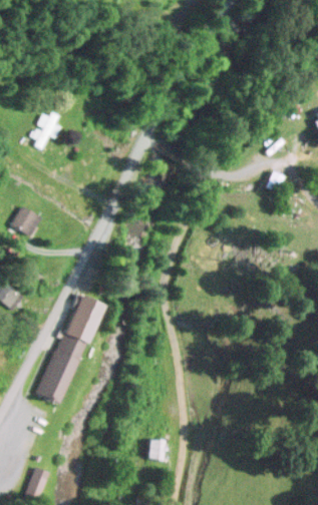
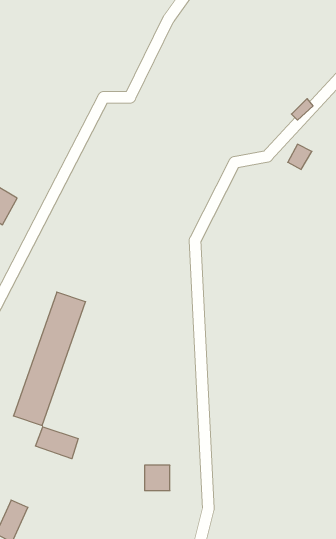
building: [36,112,60,146] -> none
building: none -> [36,427,78,459]

